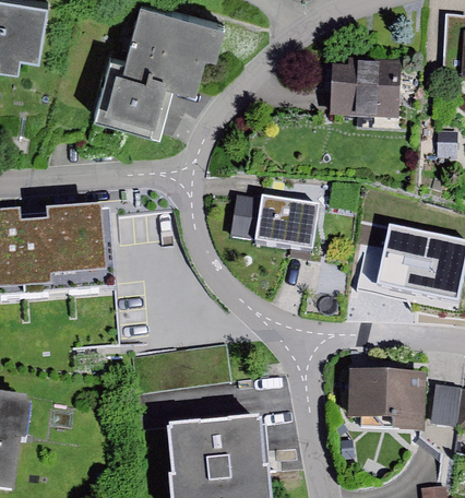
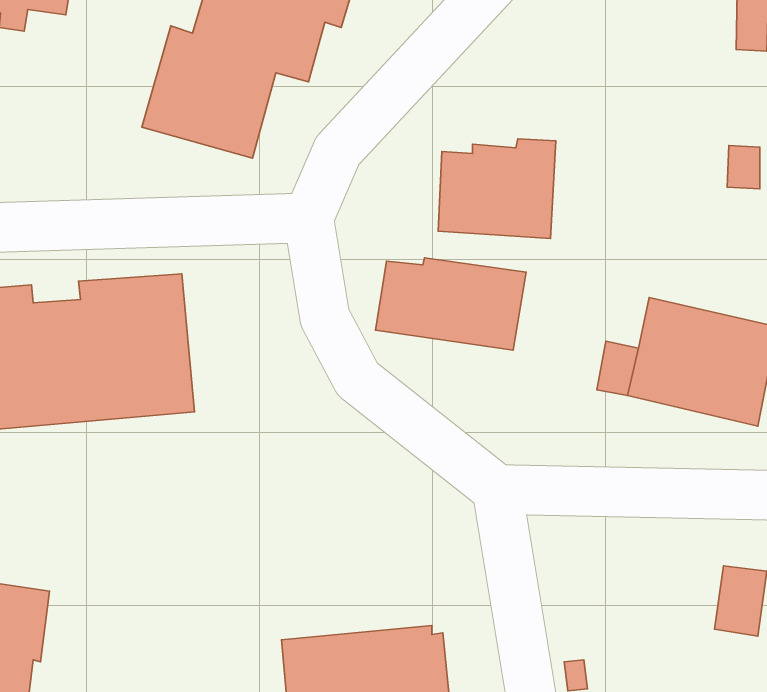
building: [325,60,396,120] -> [438,139,556,239]
building: [350,367,426,425] -> none

